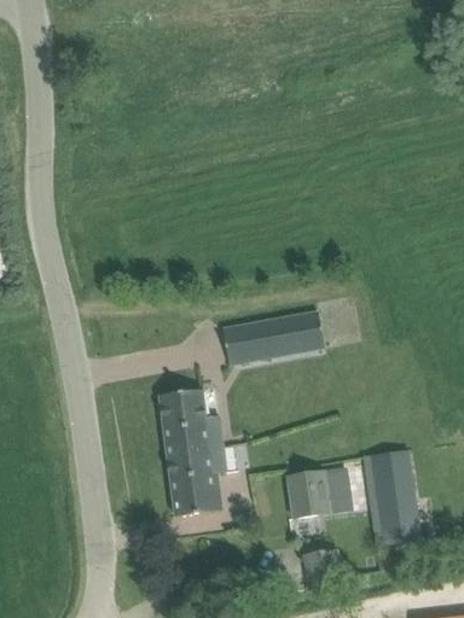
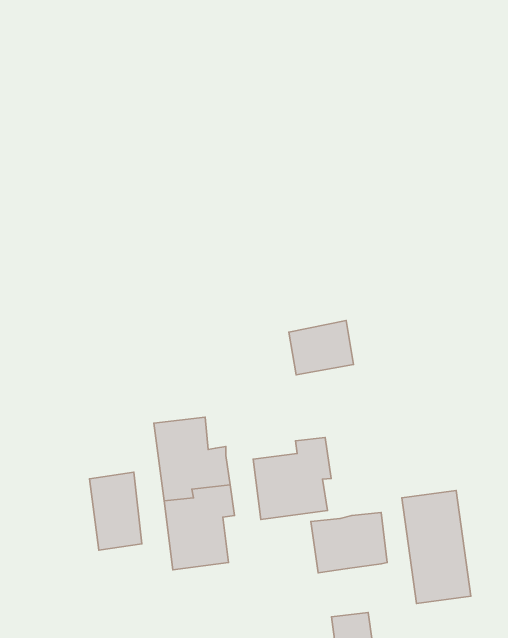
building: [221,319,276,362] -> none
building: none -> [253,437,331,519]
building: none -> [89,472,142,550]

